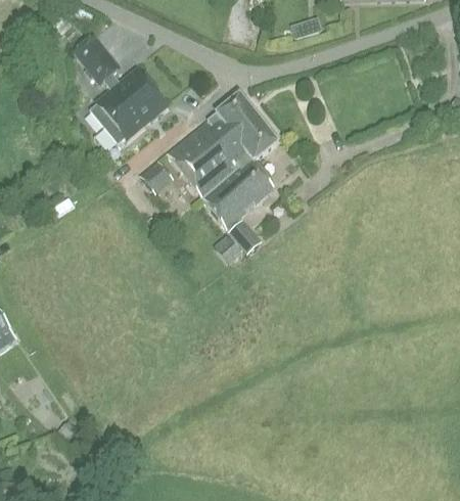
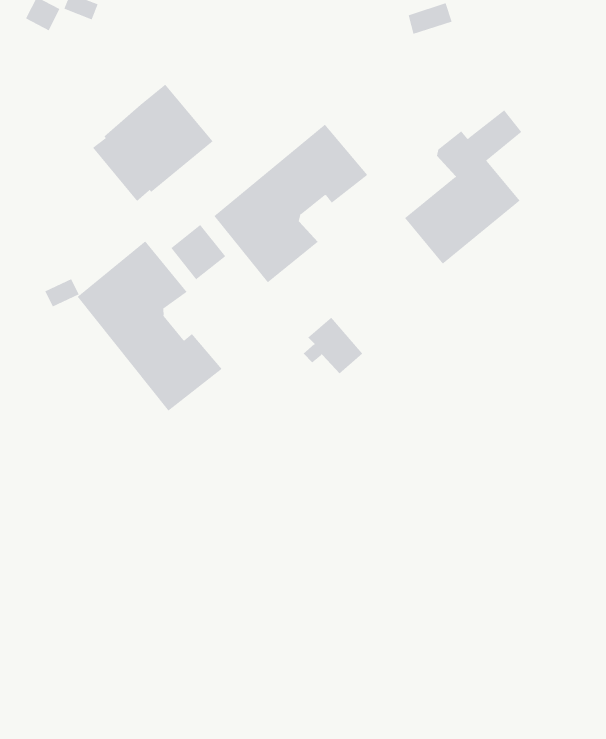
building: [74,36,120,89] -> none
building: [201,127,277,226] -> [404,110,522,264]
building: none -> [77,241,223,411]

